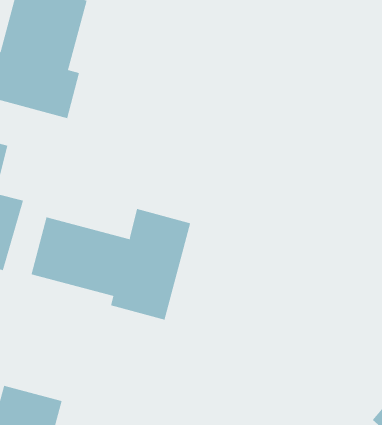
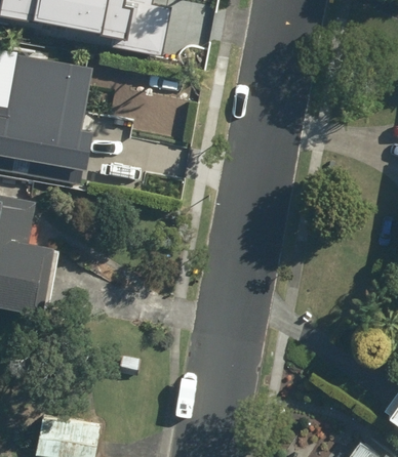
building: [31,208,191,320] -> none

